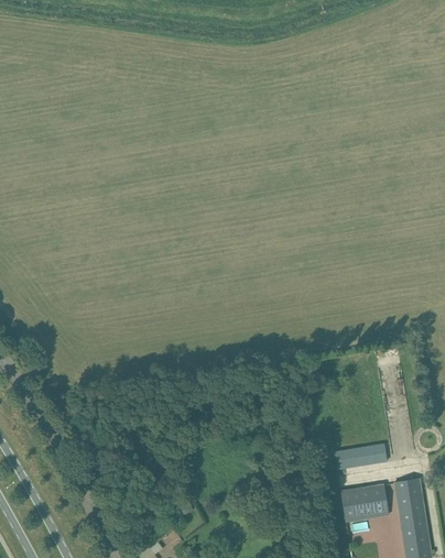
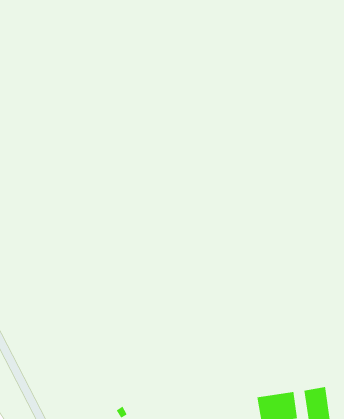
building: [335,445,387,469] -> none

